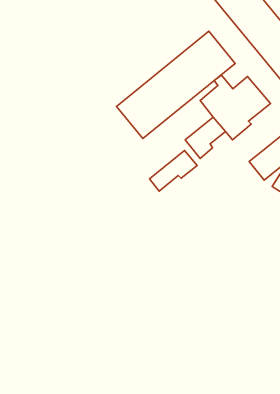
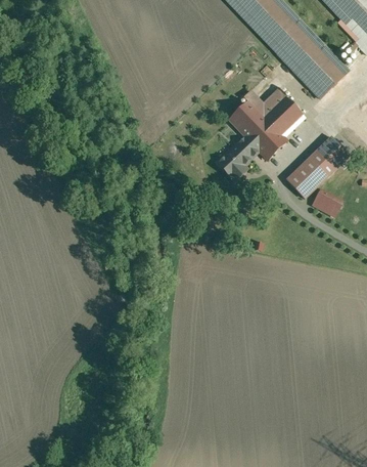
building: [116,31,235,139] -> none
building: [150,150,197,191] -> none

